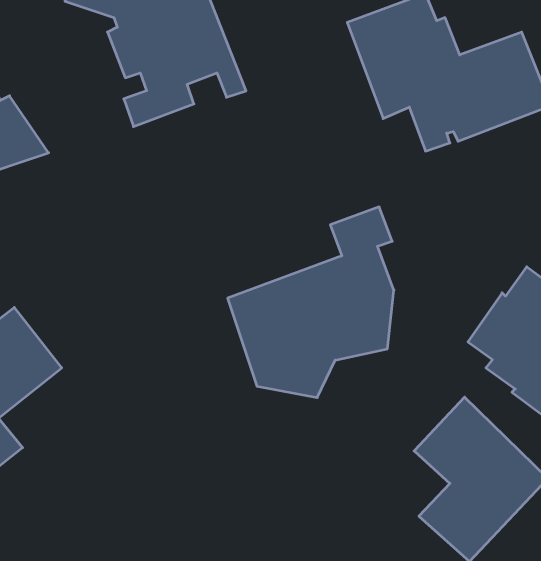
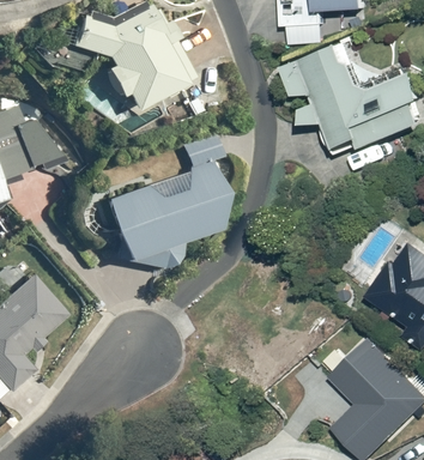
building: [228,207,394,398] -> [105,131,228,271]

